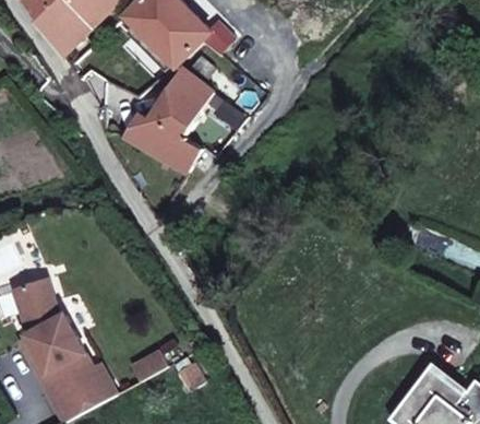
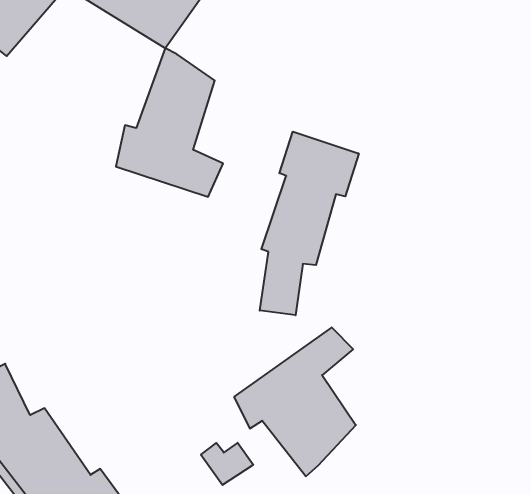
building: none -> [260,132,359,315]
building: none -> [234,327,356,476]

